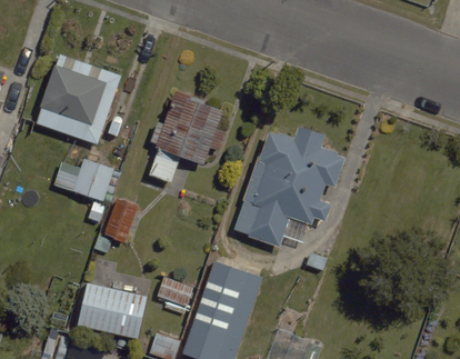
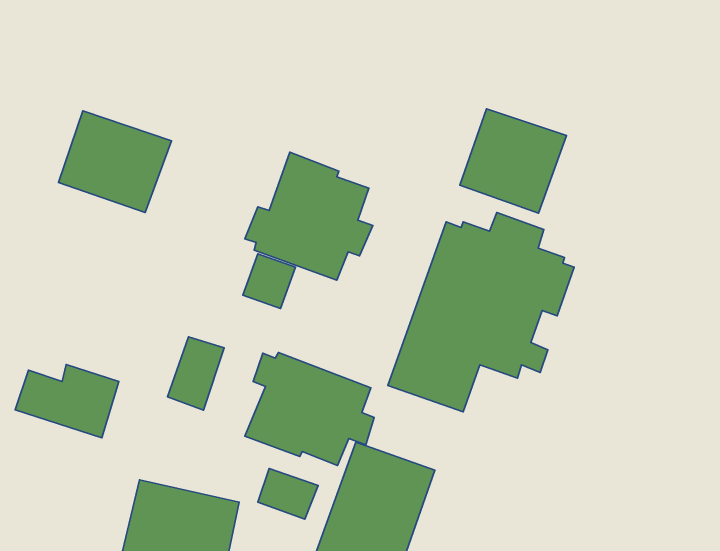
building: none -> [460,109,566,213]
building: [52,159,113,202] -> [15,365,119,438]
building: none -> [245,352,374,465]

